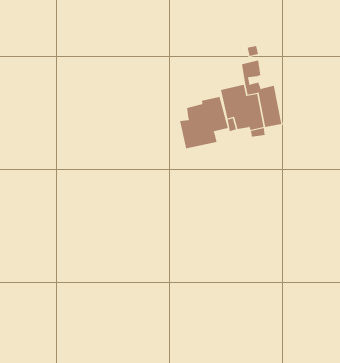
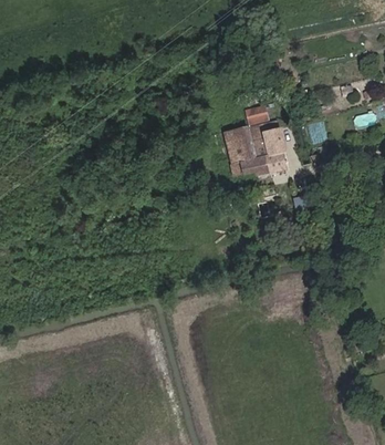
building: [179,96,228,149] -> none

